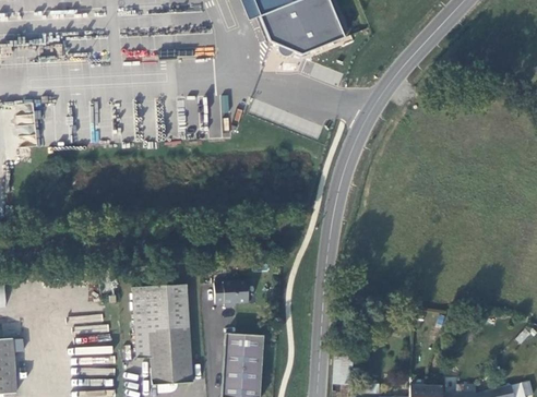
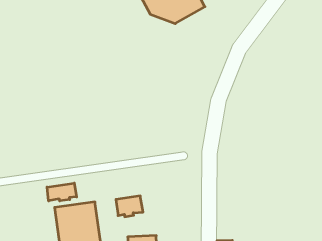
building: none -> [47,183,77,201]

